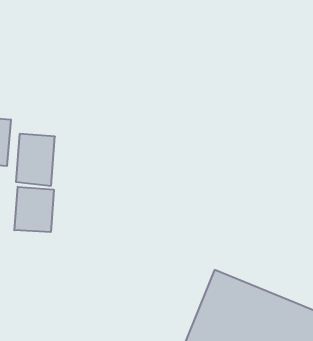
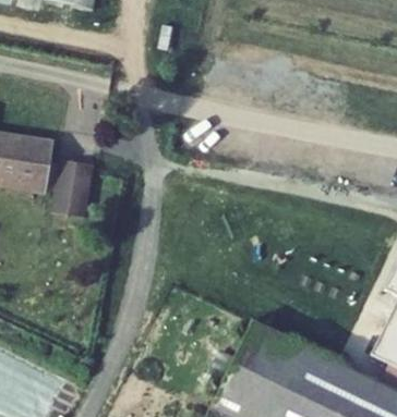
building: [14,187,54,232] -> none

